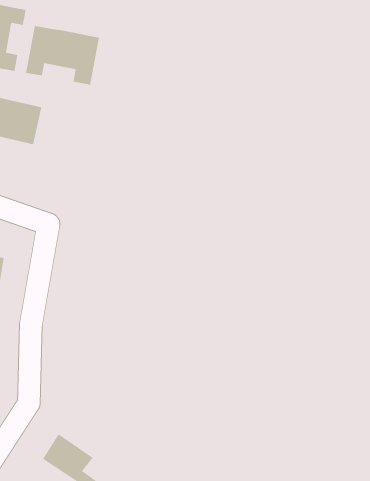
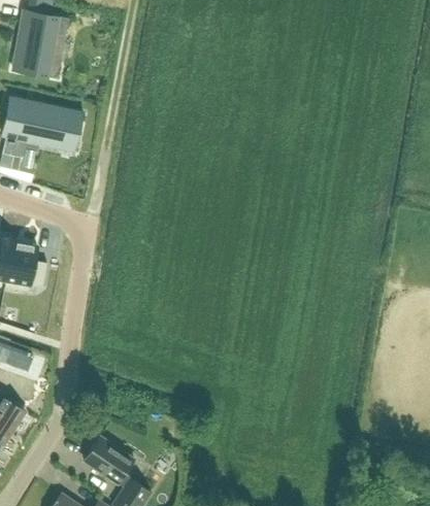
building: [26,25,99,85] -> none

